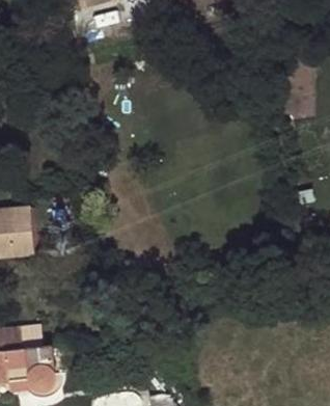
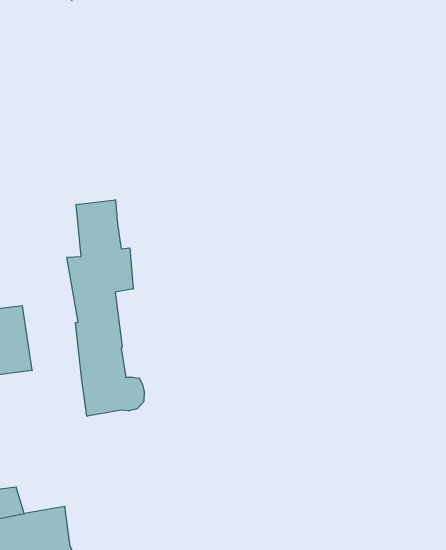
building: none -> [67,200,144,416]

